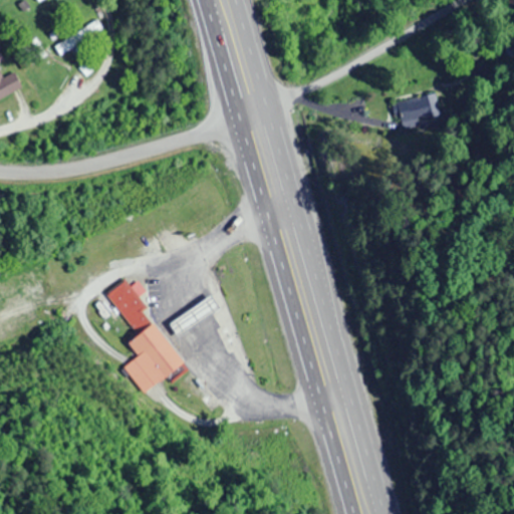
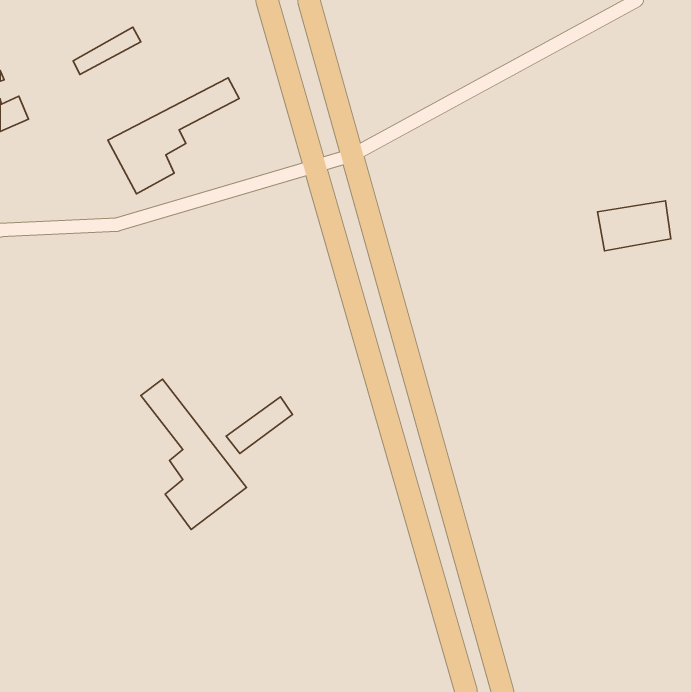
building: none -> [108,78,239,194]
building: [389,92,443,130] -> [598,201,671,251]

